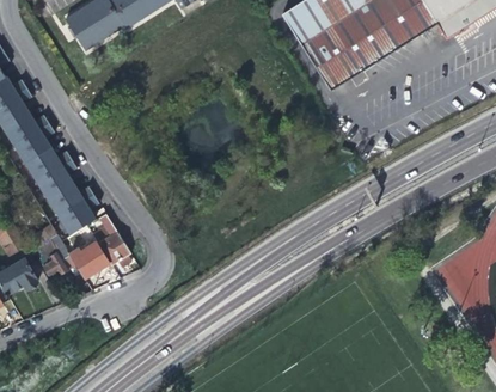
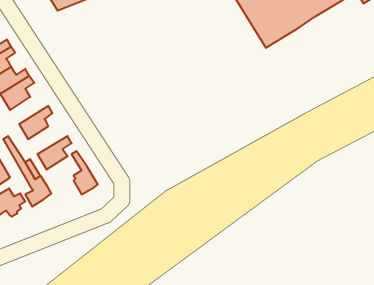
building: [25,149,71,182] -> none
building: [47,184,93,218] -> none
building: [69,240,110,281] -> none

